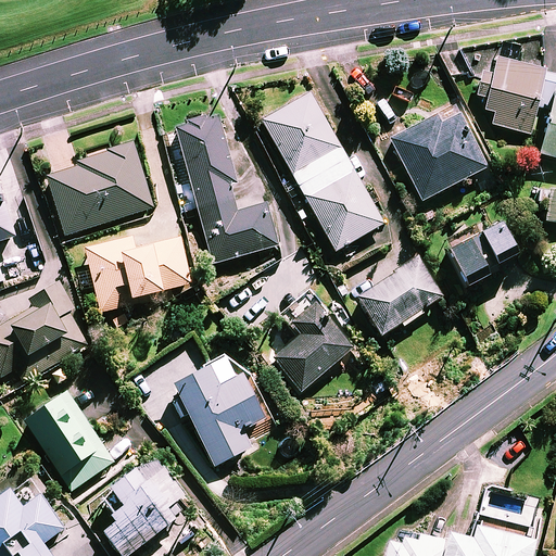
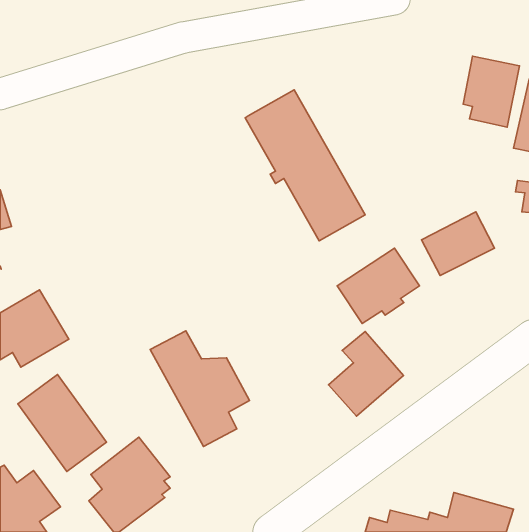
building: [391,103,491,200] -> none
building: [177,114,279,263] -> none
building: [49,142,154,235] -> none
building: [87,237,192,312] -> none
building: [274,302,352,390] -> [328,332,404,416]

